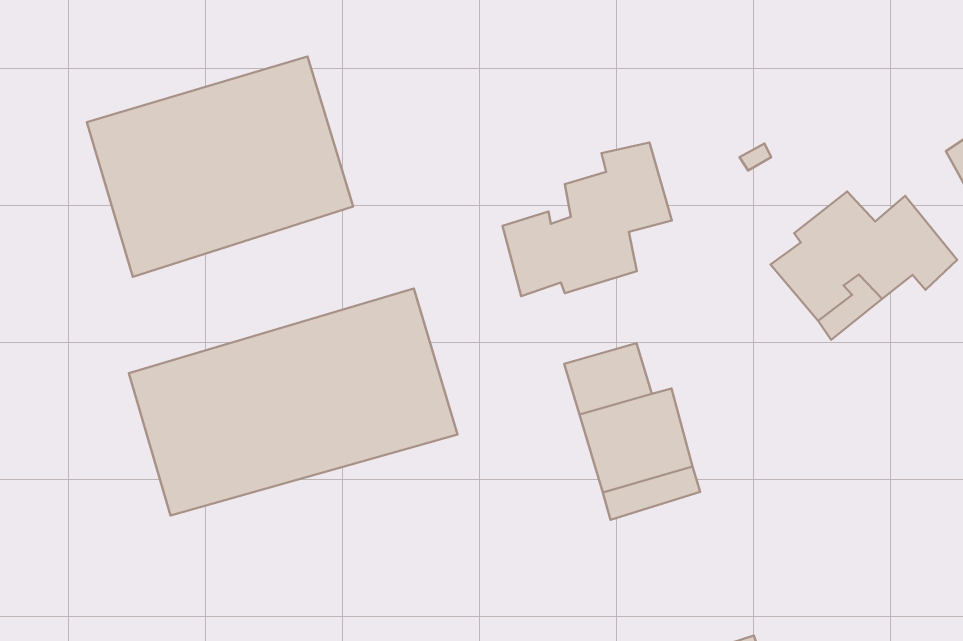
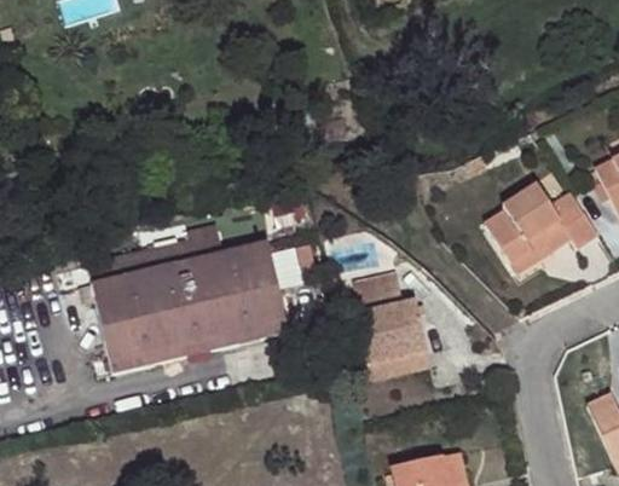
building: [87,56,353,277] -> none
building: [502,143,672,296] -> none

